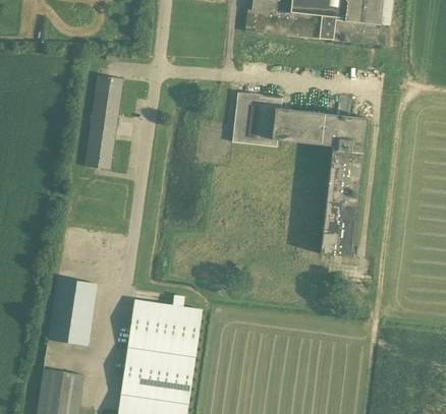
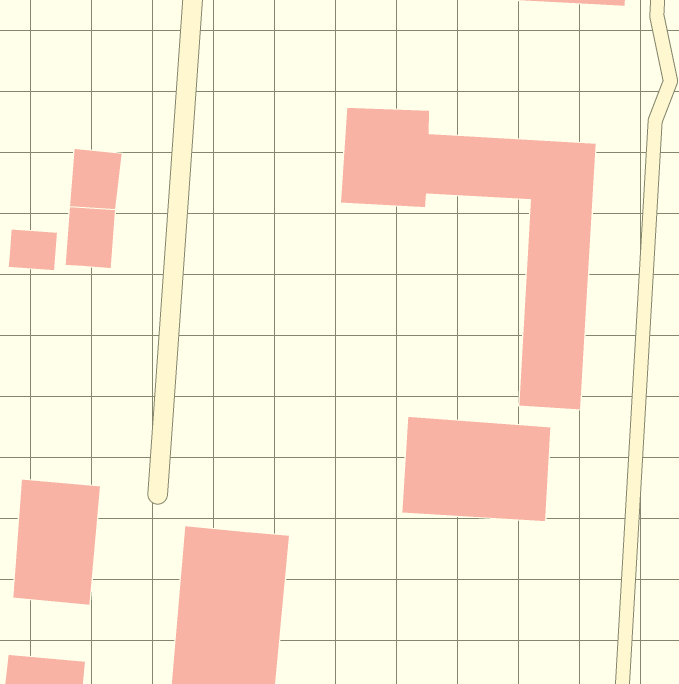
building: [94,74,123,109] -> none
building: none -> [8,229,58,271]
building: none -> [402,416,551,522]

